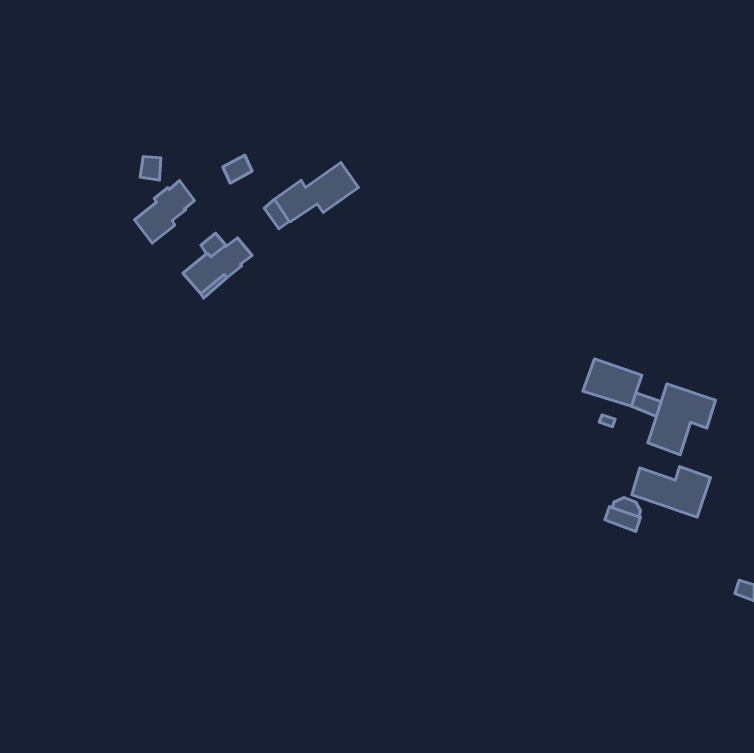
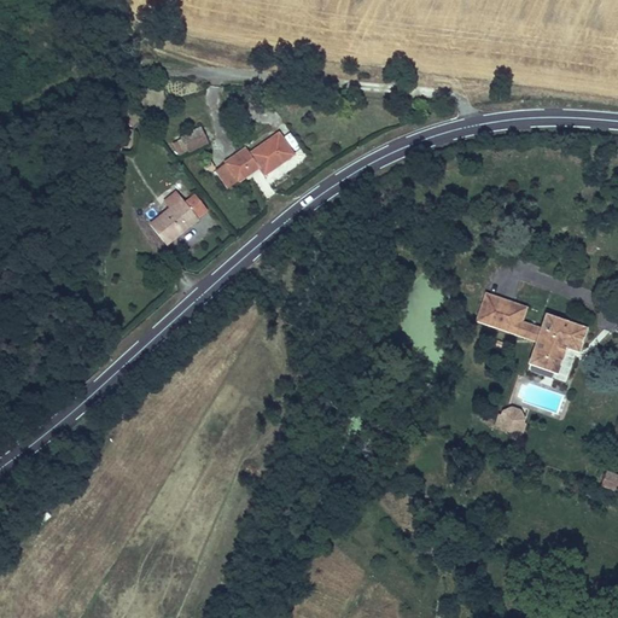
building: [134,181,195,243] -> none
building: [632,467,711,517] -> none

